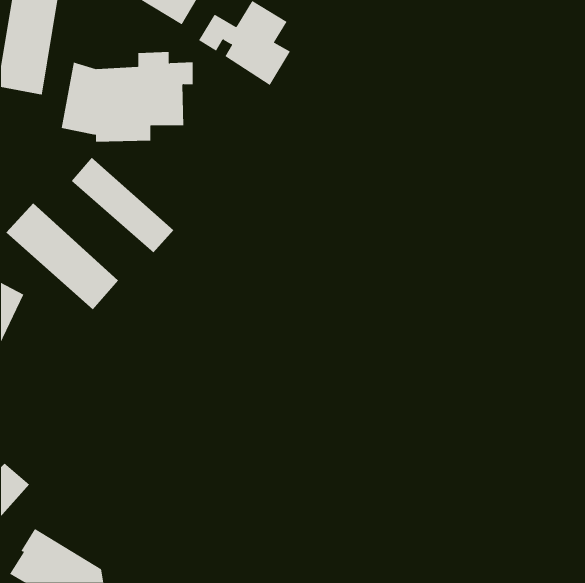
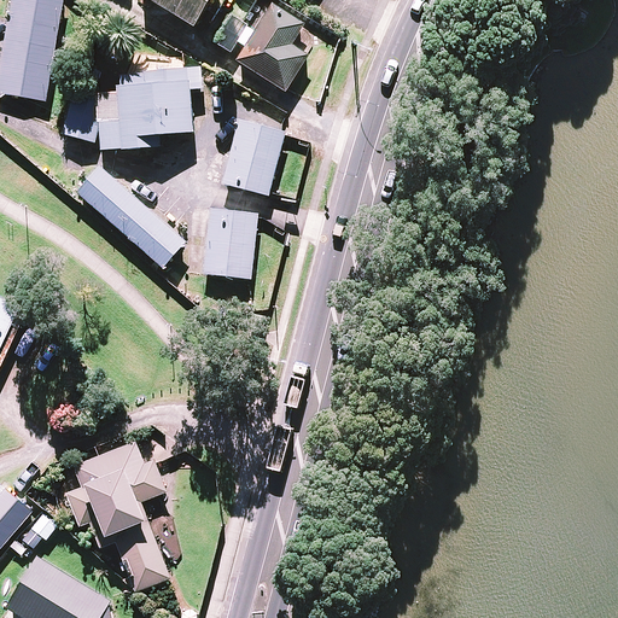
building: none -> [223,121,284,194]
building: none -> [204,210,257,278]
building: [6,203,119,310] -> none
building: none -> [68,441,170,590]

